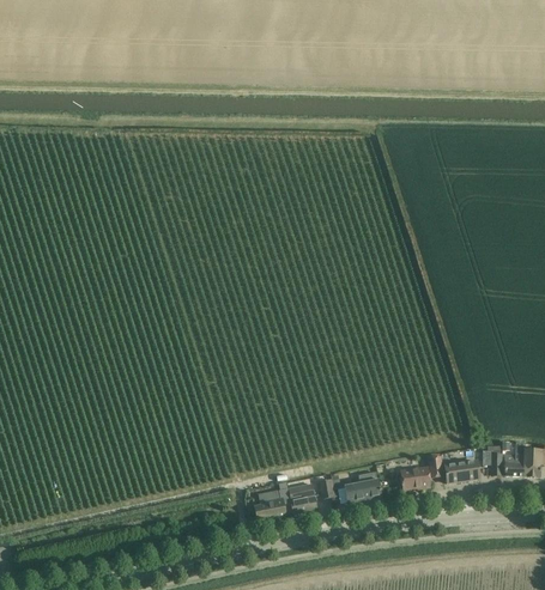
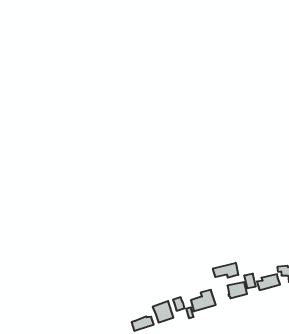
building: none -> [213,263,238,278]

